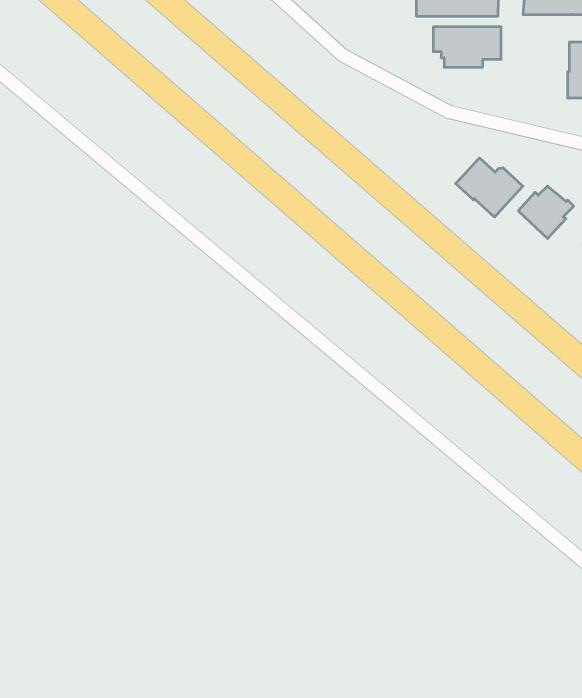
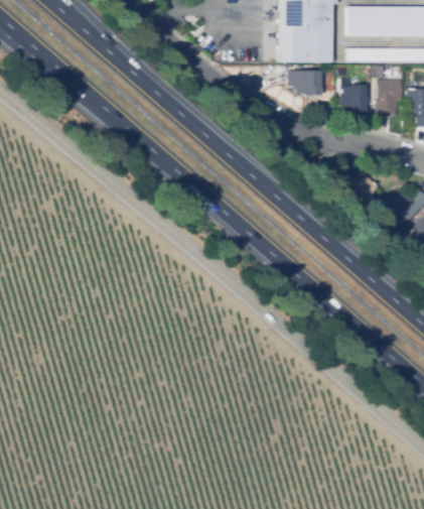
building: none -> [341,84,368,111]
building: [456,158,523,217] -> none

